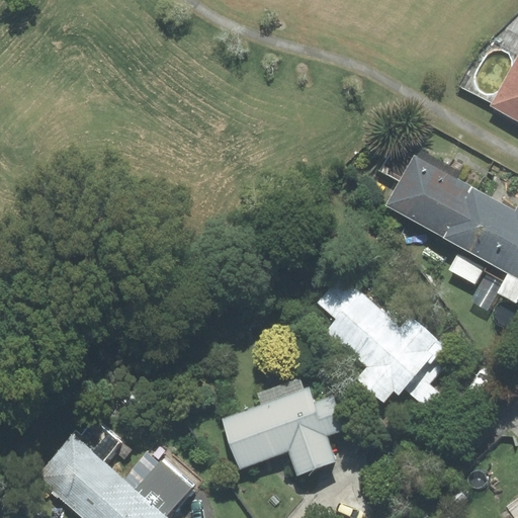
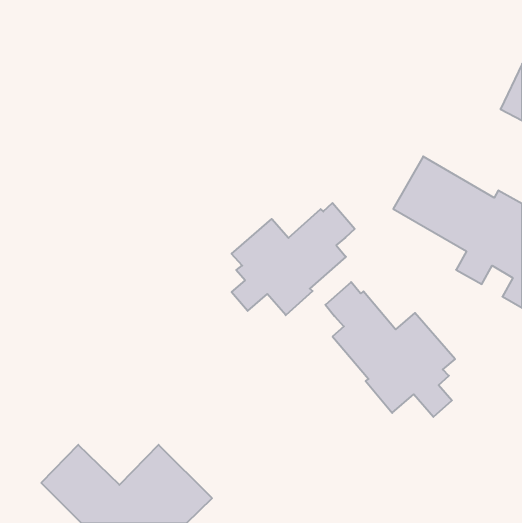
building: none -> [232,203,355,315]
building: [220,378,349,480] -> none

